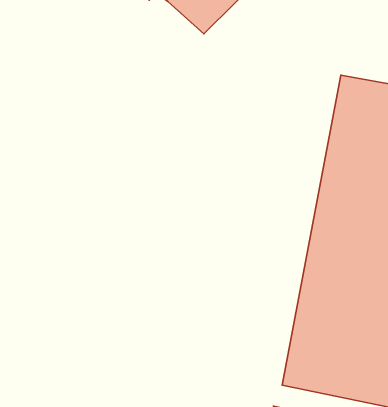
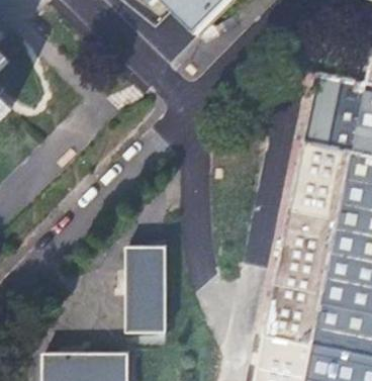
building: none -> [128,246,171,336]

